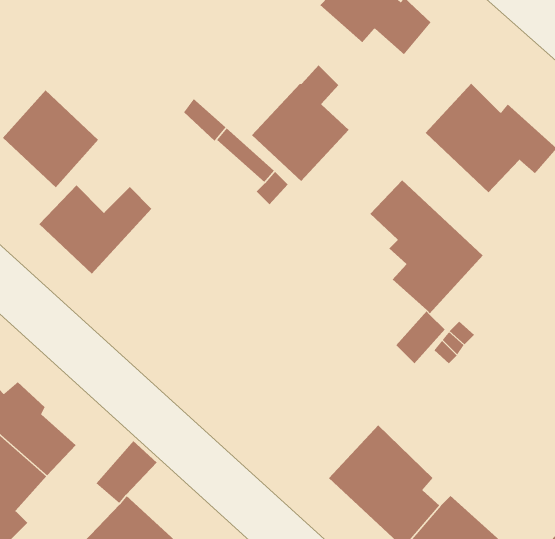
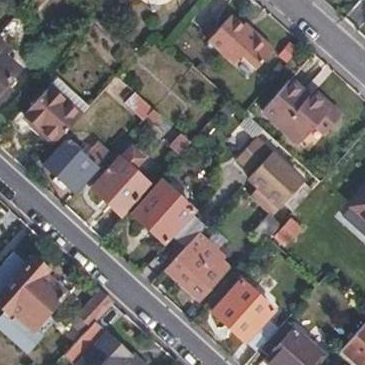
building: [251,64,350,182] -> [93,147,150,215]
building: none -> [133,181,194,242]
building: none -> [169,235,229,299]

